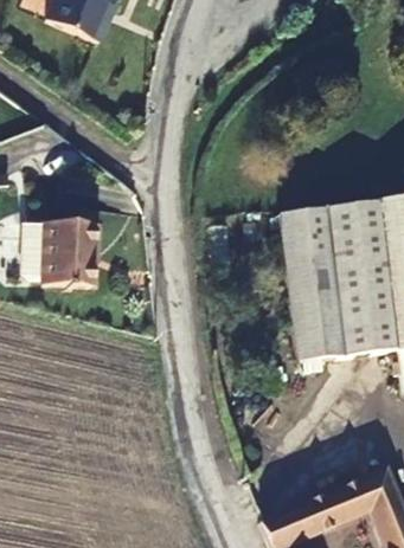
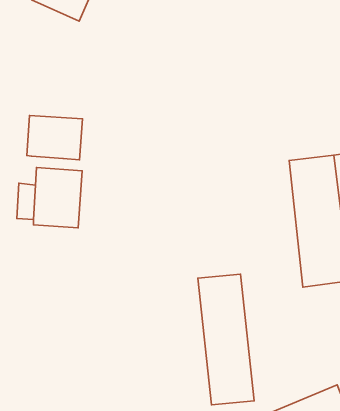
building: none -> [27,116,82,160]
building: [282,211,346,360] -> [198,274,254,405]

